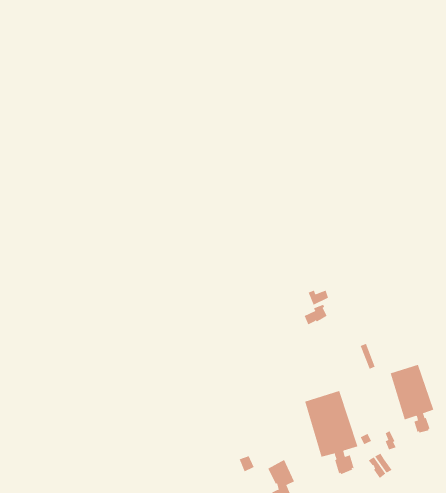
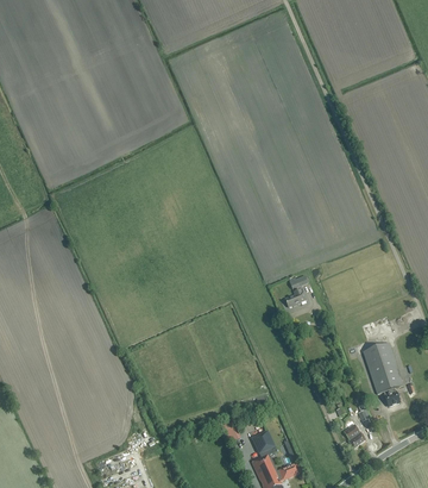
building: [305,390,358,475] -> none

